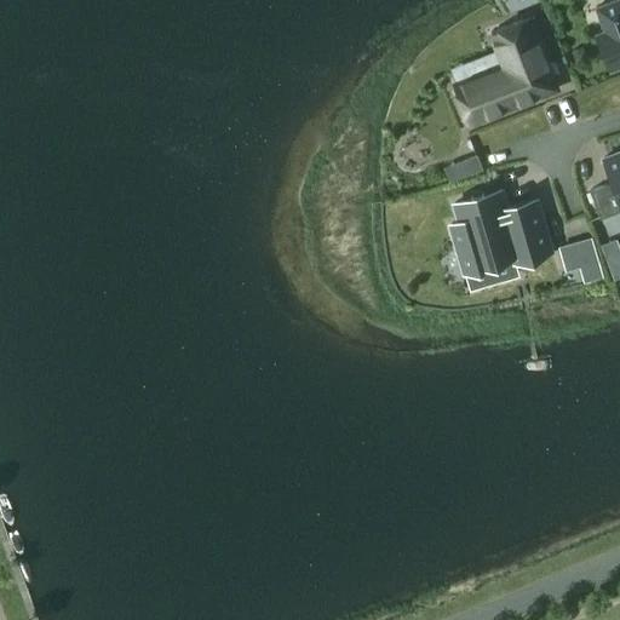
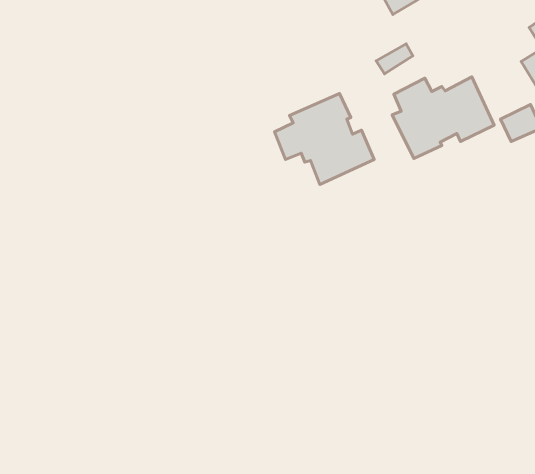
building: none -> [274,93,374,185]

